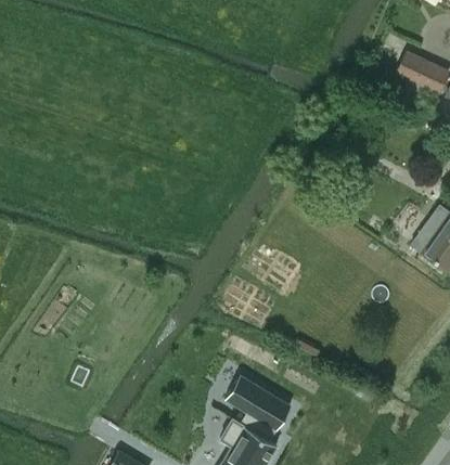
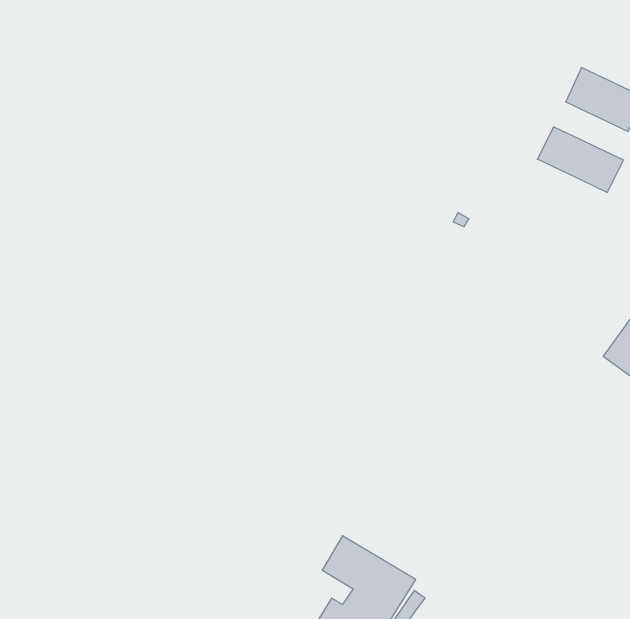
building: none -> [537,127,624,192]

